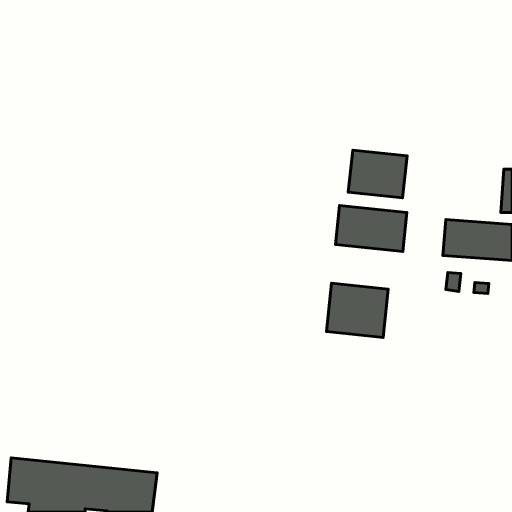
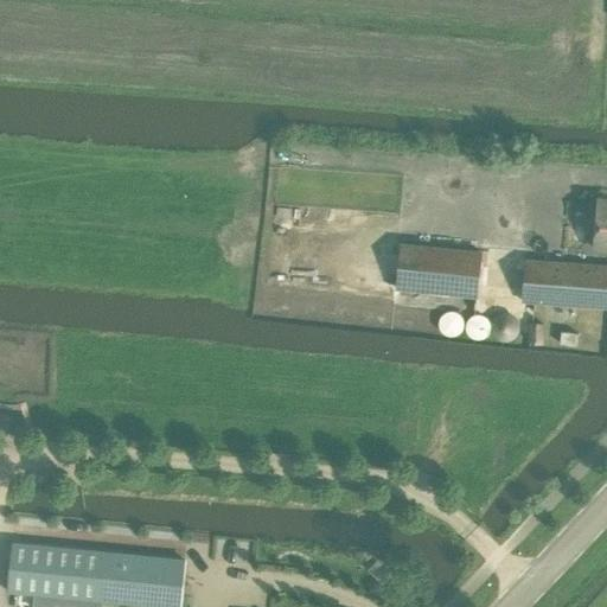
building: [348,150,407,198] -> none
building: [327,283,388,337] -> none

